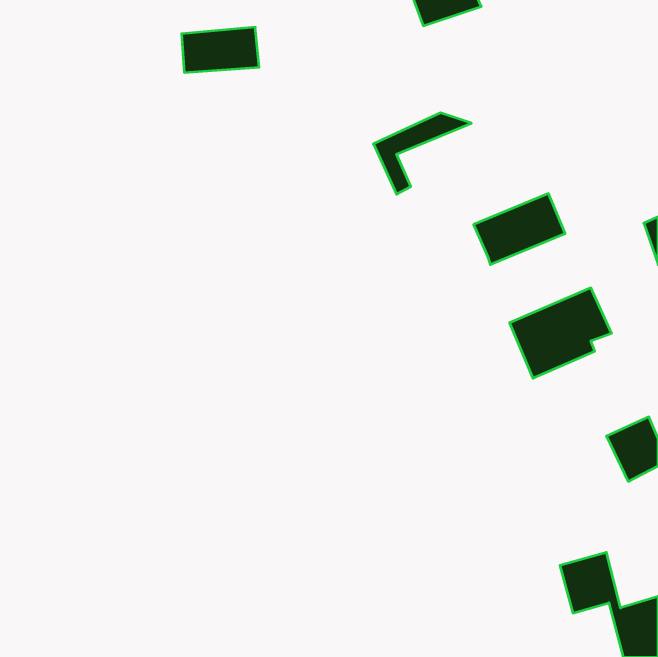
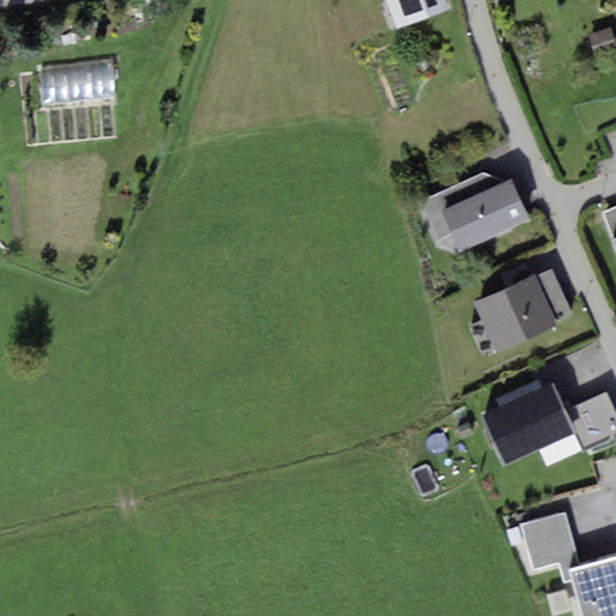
building: [182,27,259,72] -> [46,66,118,108]
building: [373,113,471,194] -> [420,171,511,247]
building: none -> [481,387,573,464]

